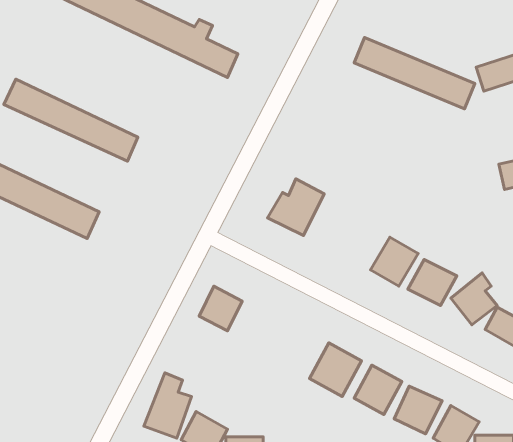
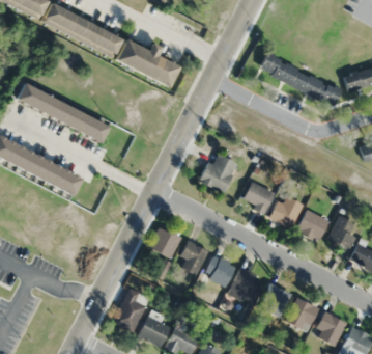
building: none -> [240,181,274,214]
building: none -> [175,241,208,275]
building: none -> [204,256,234,287]

